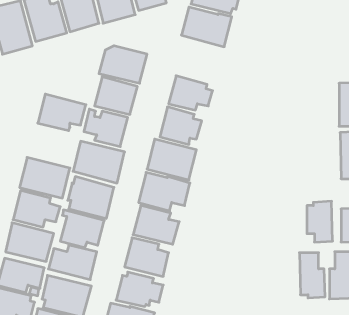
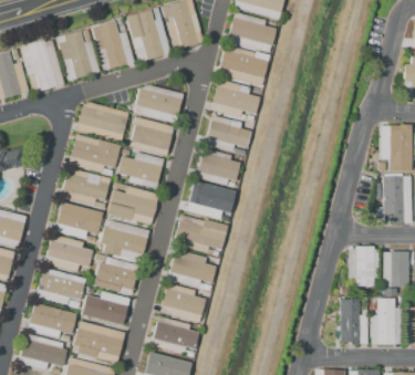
building: none -> [210,80,259,117]
building: none -> [75,103,127,142]
building: none -> [59,168,110,211]

